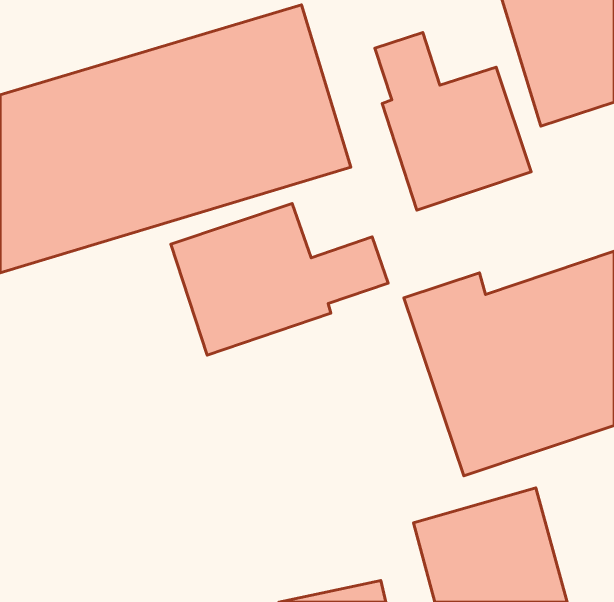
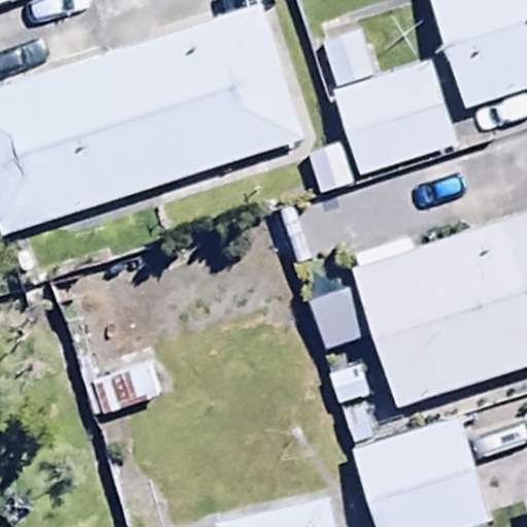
building: [171,204,388,355] -> none

